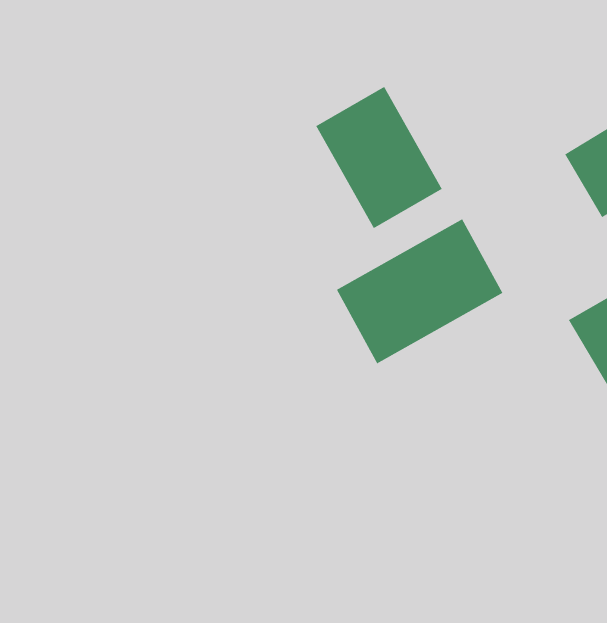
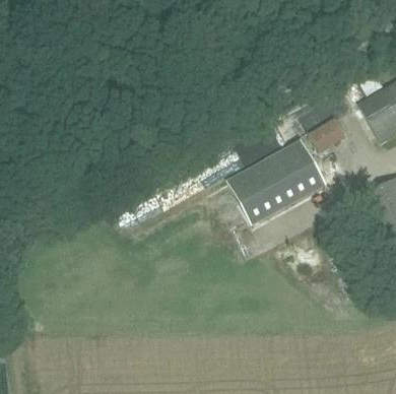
building: [315,86,443,229] -> none
building: none -> [309,117,347,158]

